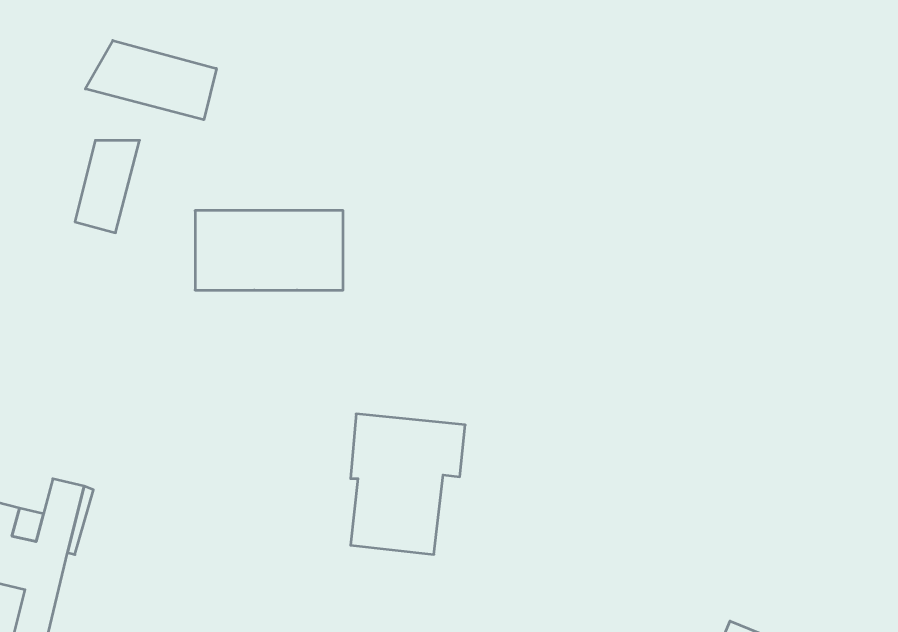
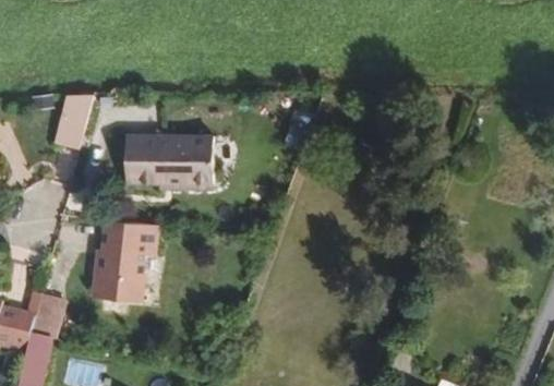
building: [85,40,216,120] -> none
building: [351,414,465,554] -> [99,219,167,302]

